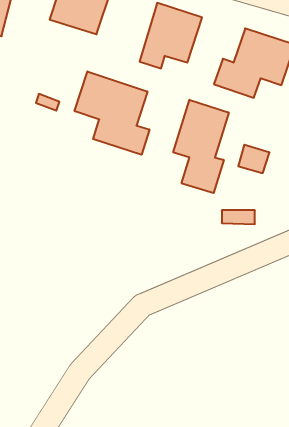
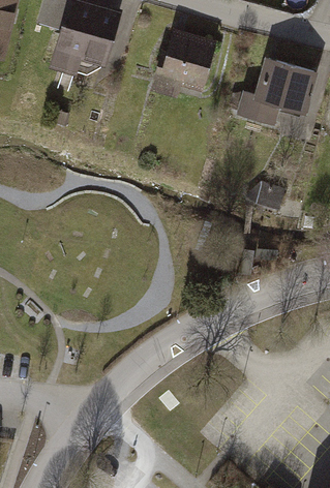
building: [75,71,149,155] -> none
building: [173,100,229,193] -> none

